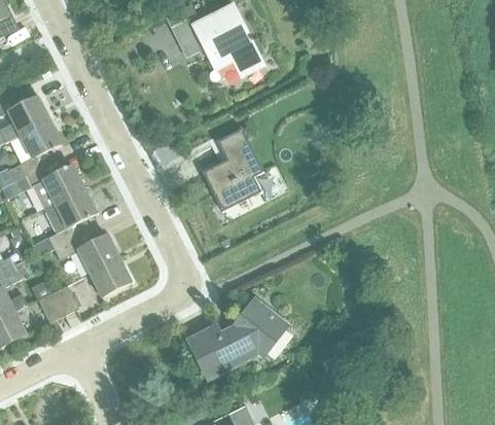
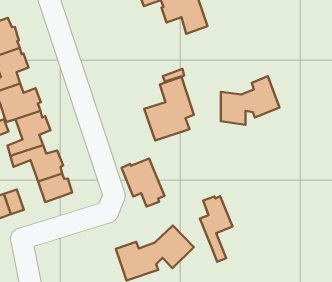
building: none -> [221,76,280,125]
building: none -> [121,158,165,207]
building: none -> [200,196,232,262]

